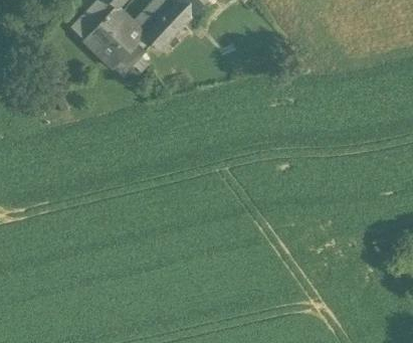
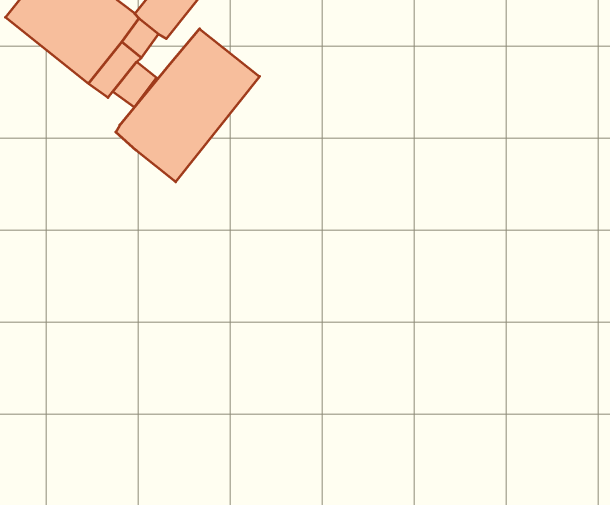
building: none -> [116,29,260,182]

